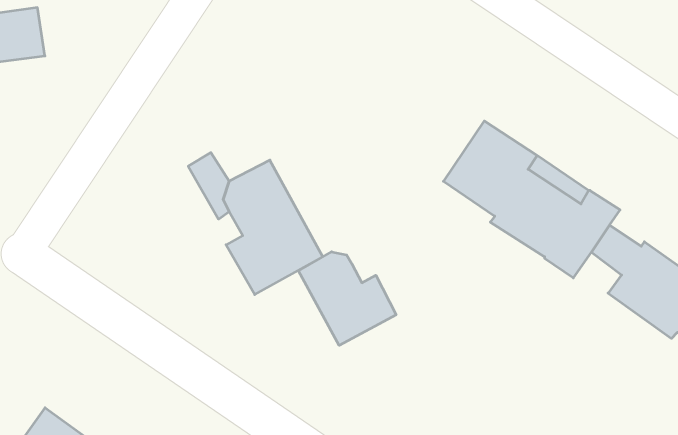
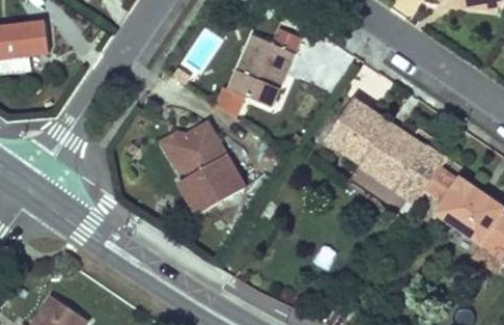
building: none -> [229,35,296,110]
building: [298,252,396,345] -> none

